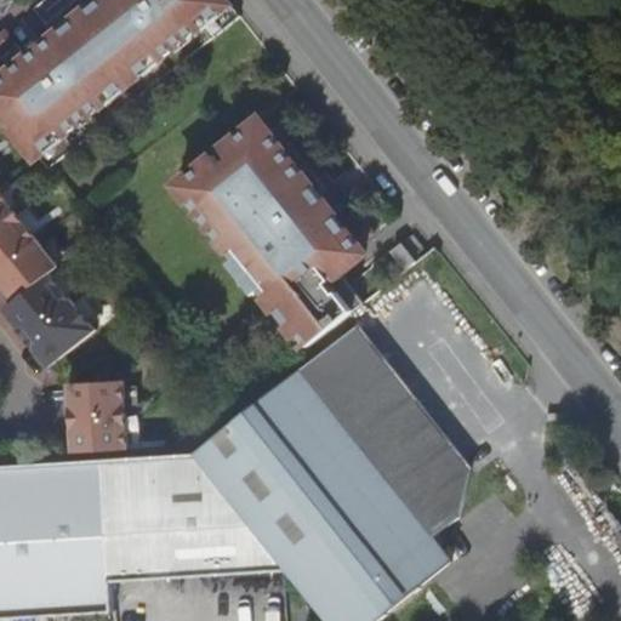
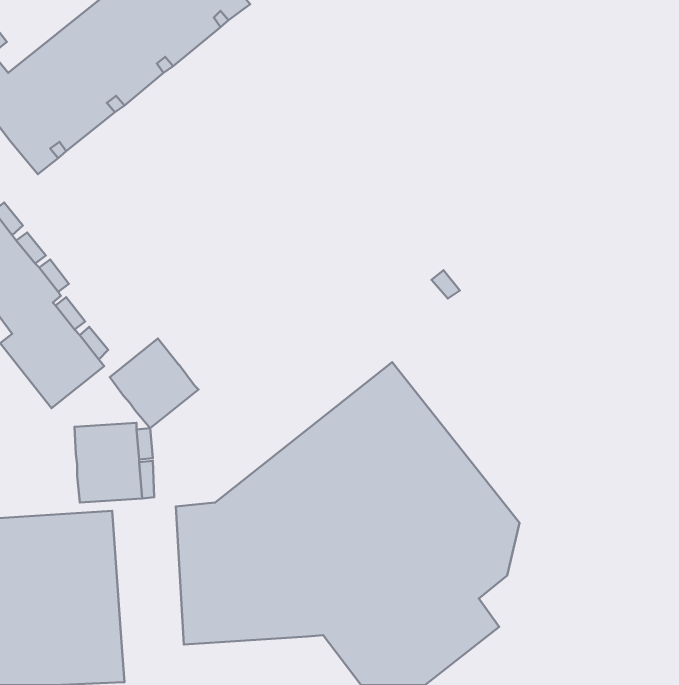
building: [172,119,370,346] -> none
building: none -> [110,338,198,428]
building: [101,455,165,581] -> none

